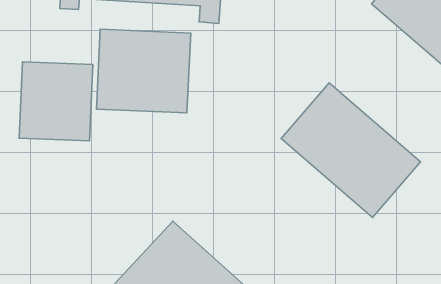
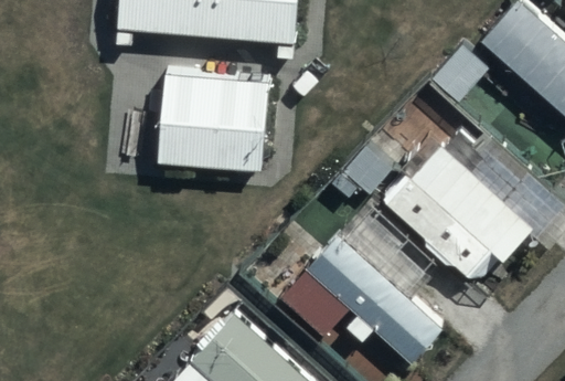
building: [19,62,93,141] -> none
building: none -> [271,227,447,361]

